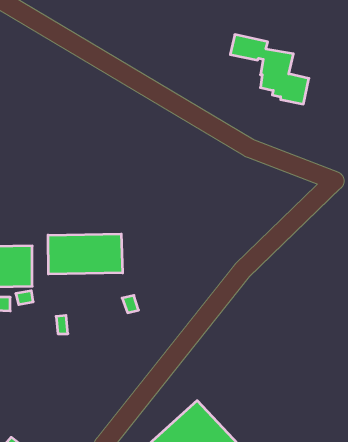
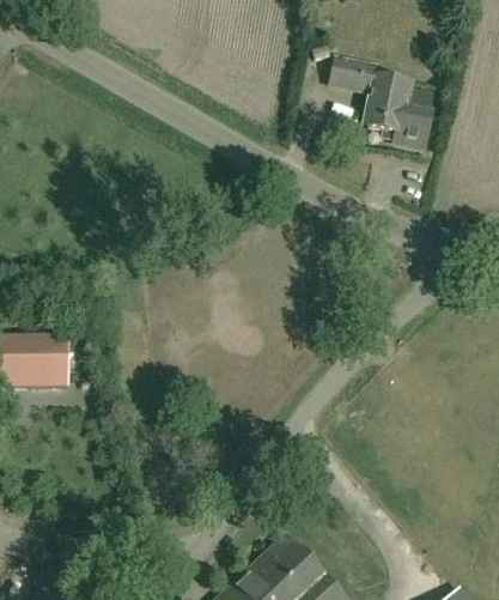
building: [48,234,123,274] -> none

